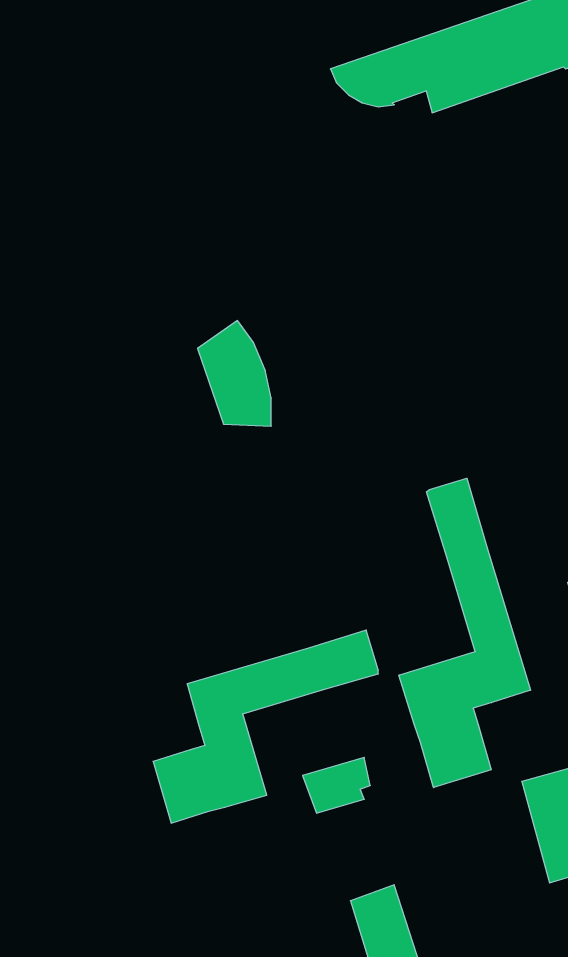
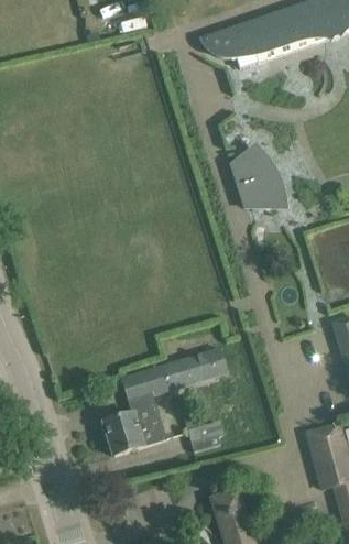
building: [198,321,271,426] -> [231,149,272,207]
building: [399,478,531,788] -> none

